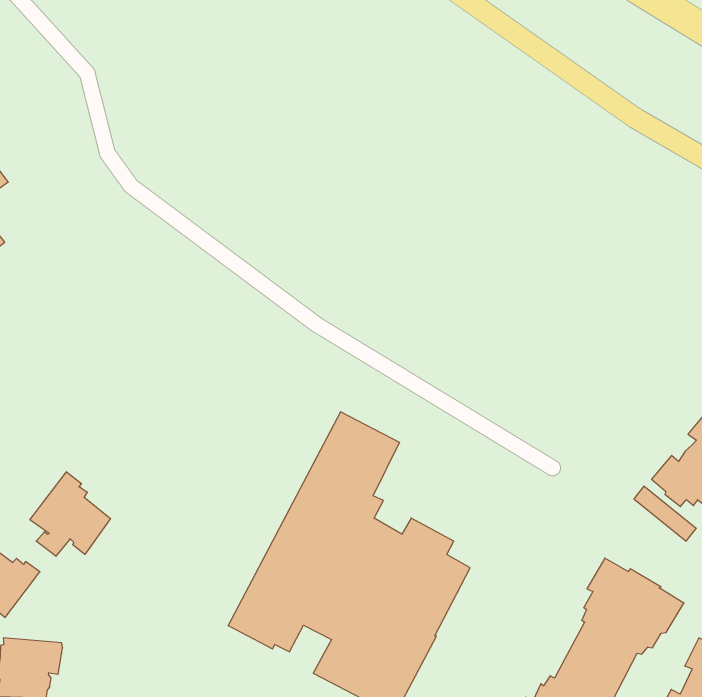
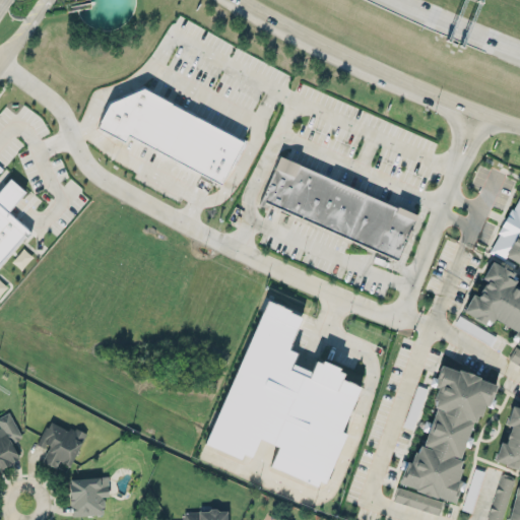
building: none -> [99,84,244,181]
building: none -> [261,159,417,259]
building: [30,472,111,556] -> none

